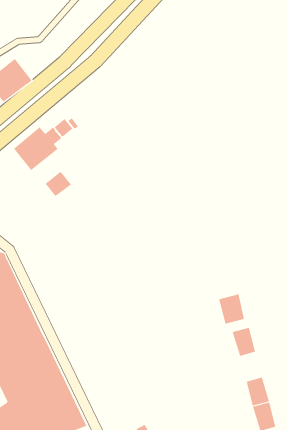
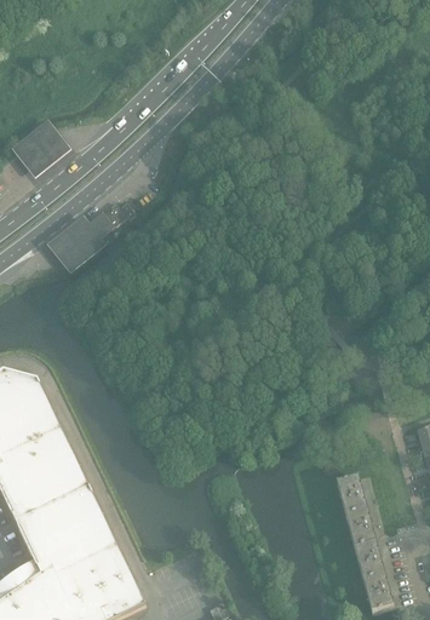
building: [45,171,72,197] -> none
building: [218,294,245,324] -> none
building: none -> [344,506,374,545]

